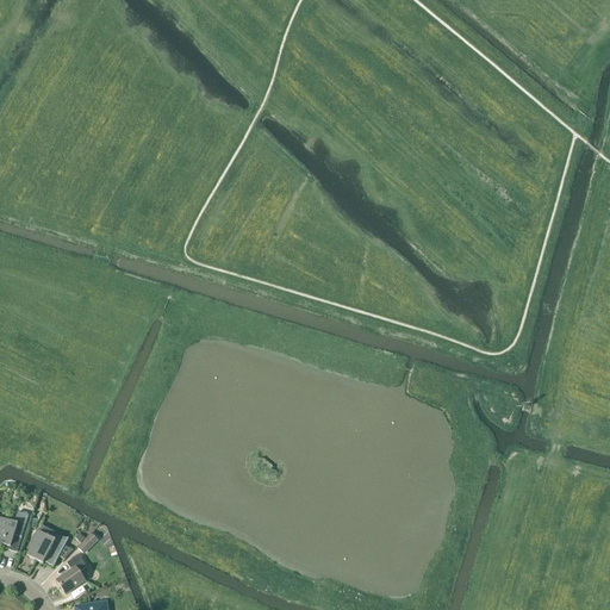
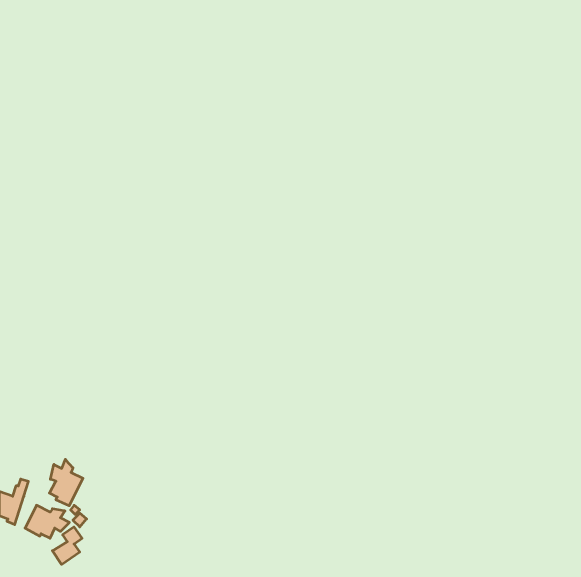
building: none -> [49,459,83,506]

